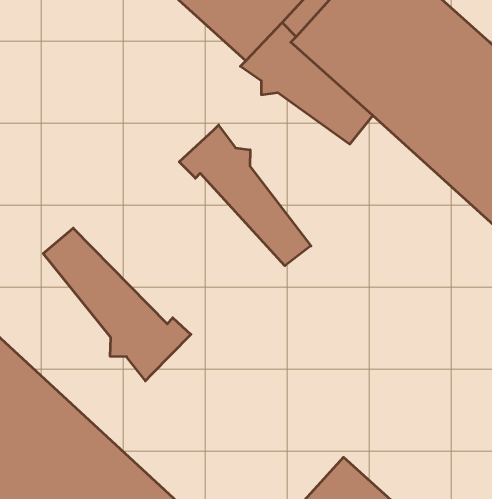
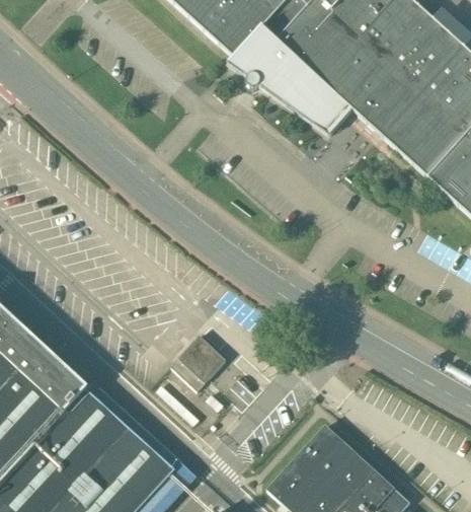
building: [179,125,311,266] -> none
building: [43,228,191,381] -> none
building: none -> [173,337,229,392]

